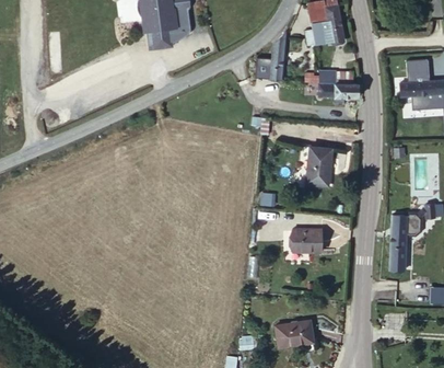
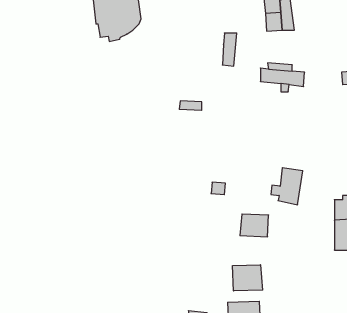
building: [297,150,331,189] -> [271,168,303,205]
building: none -> [233,265,263,291]

